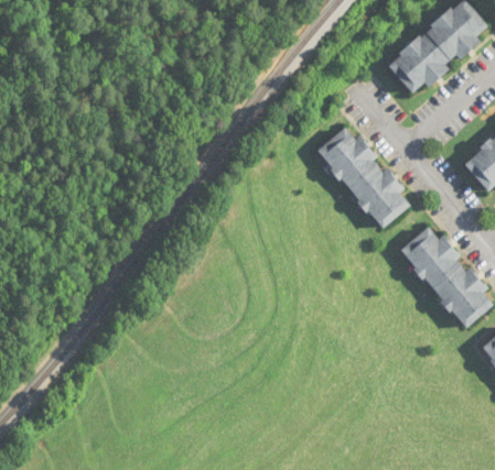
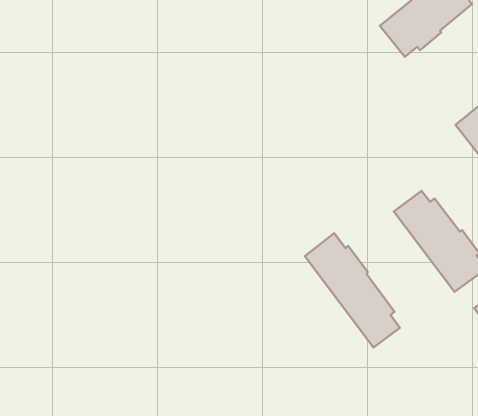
building: [319,129,410,230] -> none
building: none -> [305,233,400,347]

